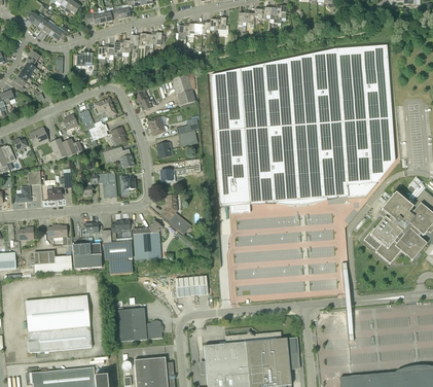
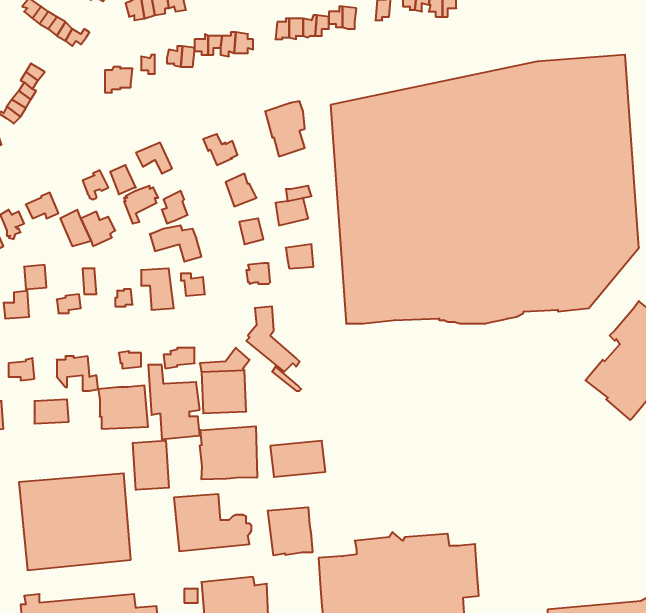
building: none -> [200,426,257,479]
building: none -> [133,441,169,490]
building: none -> [268,507,312,555]

